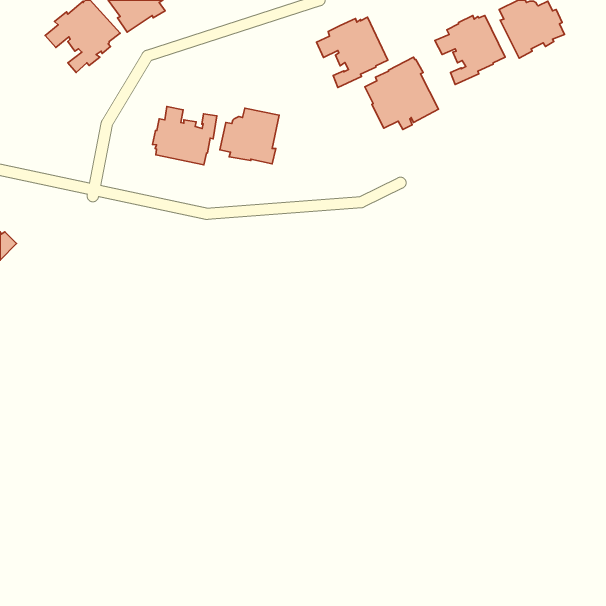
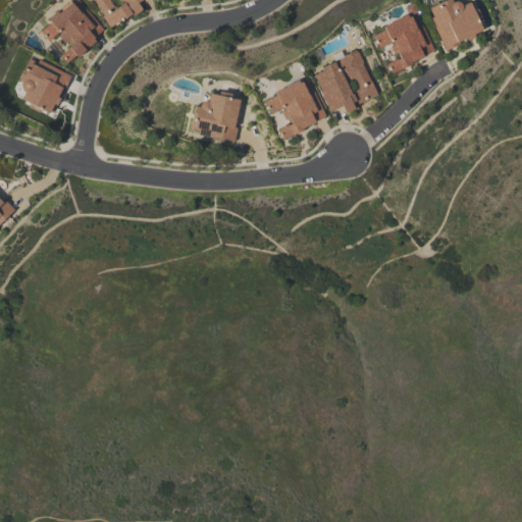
building: [316,17,388,87] -> [265,80,326,140]
building: none -> [18,58,71,113]
building: [153,106,217,165] -> none

